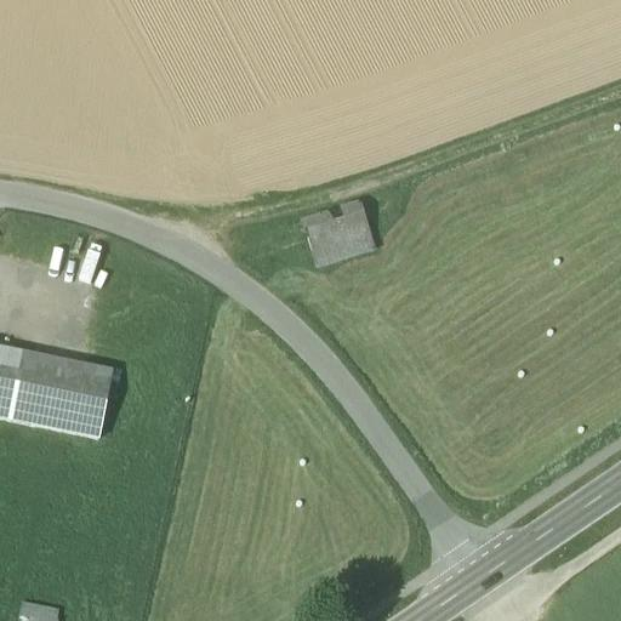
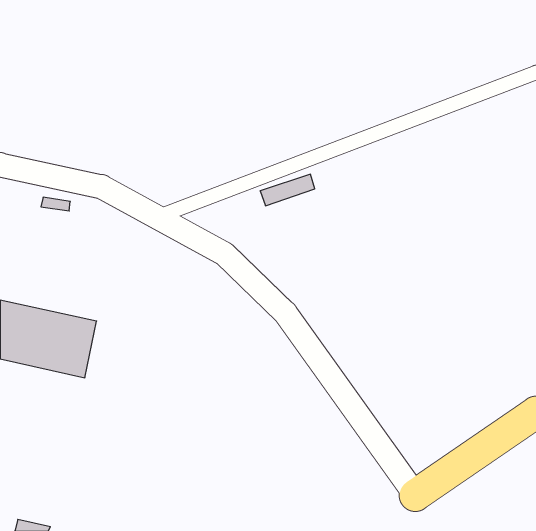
building: [307,218,374,266] -> none

